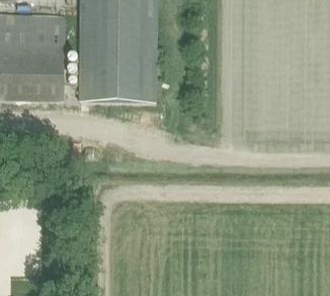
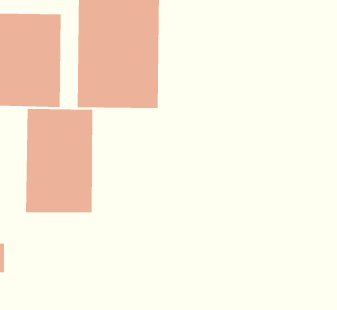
building: none -> [26,108,93,213]

